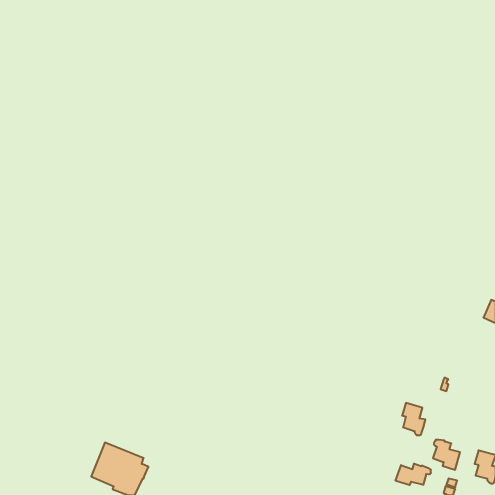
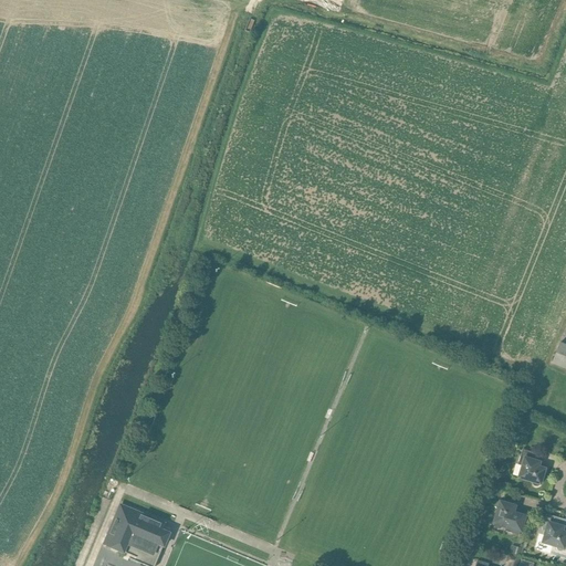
building: [402,403,425,435] -> [518,449,545,485]
building: [396,464,431,485] -> none

